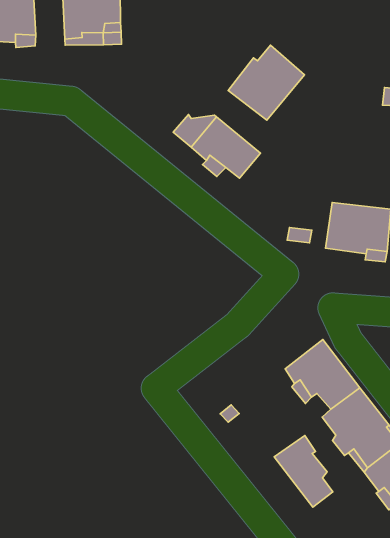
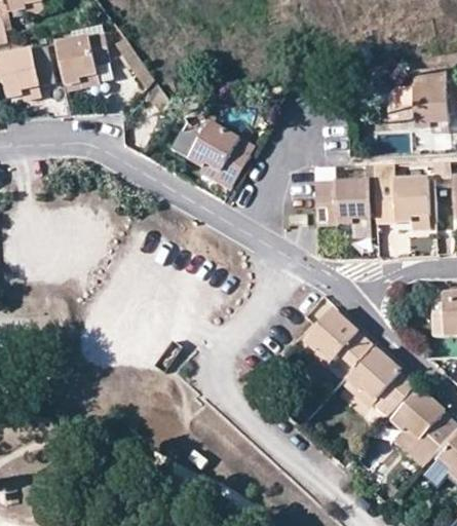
building: [228,45,304,120] -> none
building: [274,436,333,507] -> none

